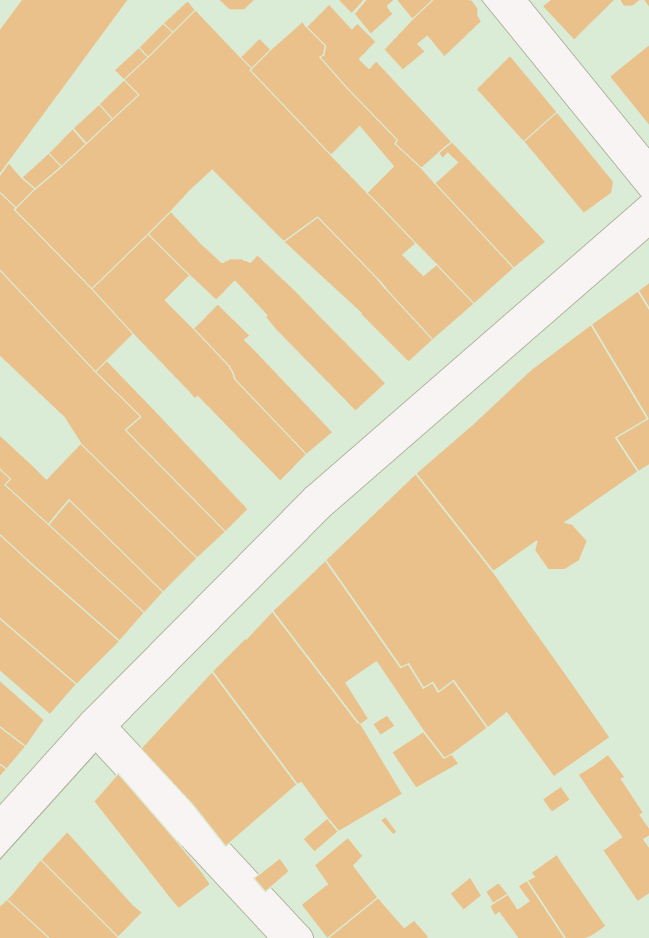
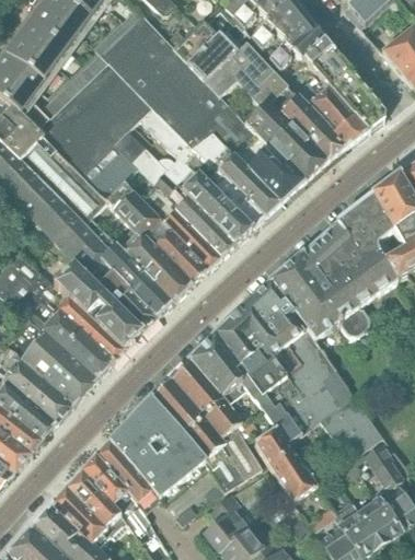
building: none -> [267,18,323,68]
building: none -> [297,80,364,143]
building: none -> [137,104,264,228]
building: none -> [152,168,233,256]
building: none -> [119,231,189,301]
building: none -> [95,440,160,512]
building: none -> [268,448,318,502]
building: none -> [66,470,125,537]
building: none -> [354,495,397,542]

